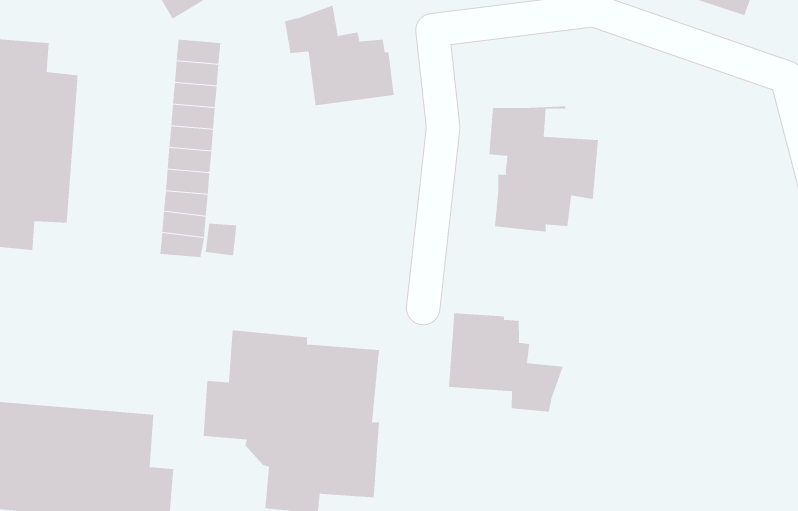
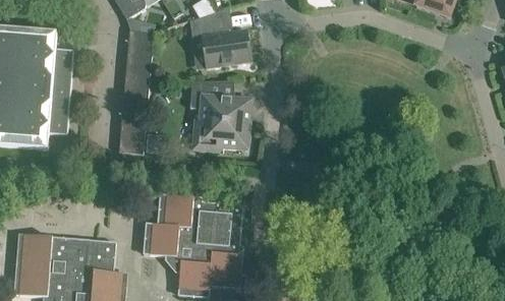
building: [489,106,599,232] -> [189,79,251,150]
building: [448,313,563,412] -> none

